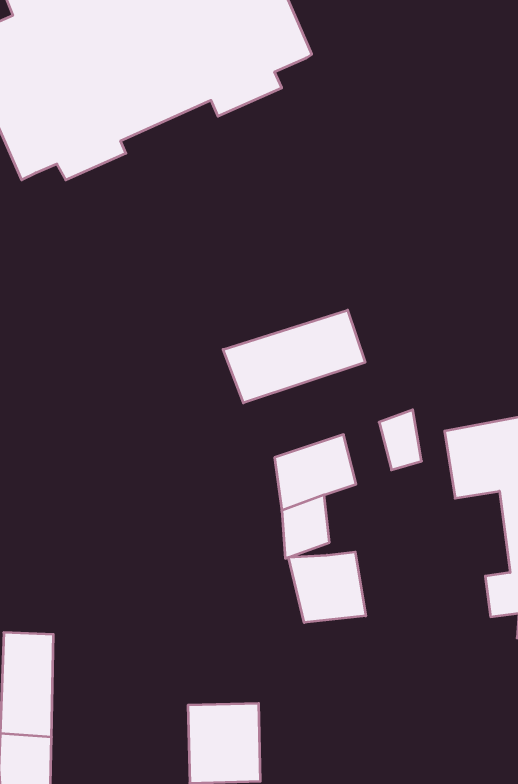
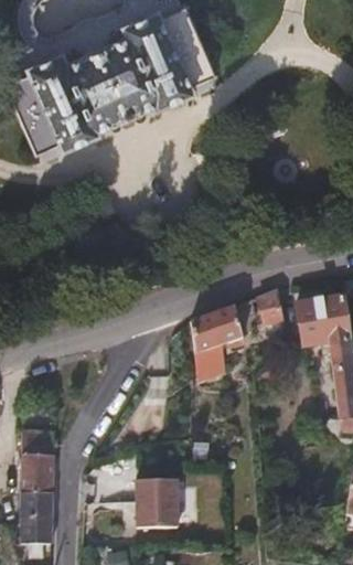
building: [223,310,365,403] -> none
building: [288,552,366,623] -> none

